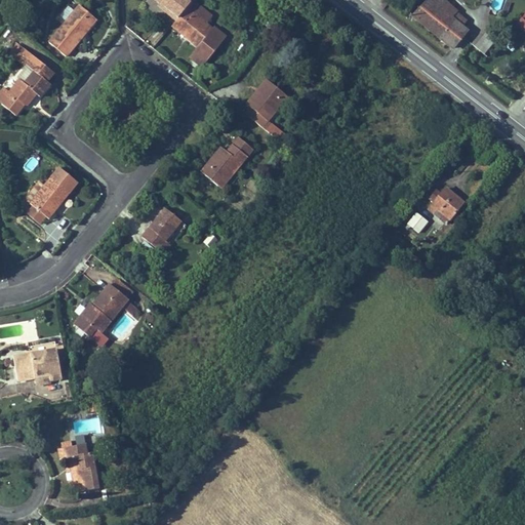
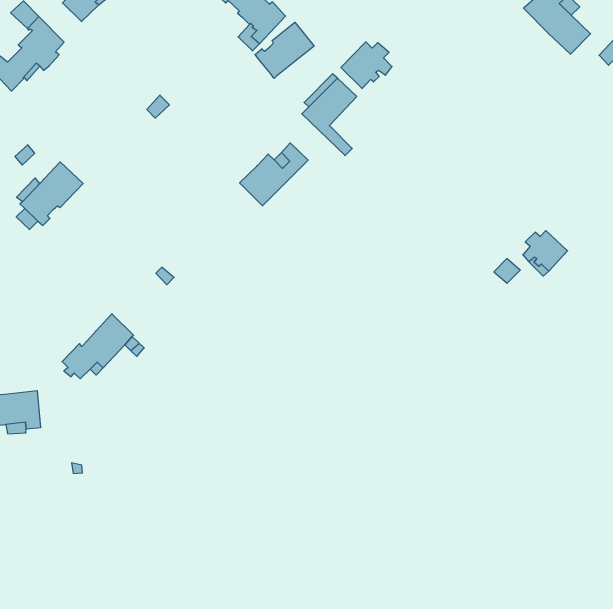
building: none -> [255,22,314,78]
building: none -> [341,42,392,89]
building: [142,206,181,252] -> none
building: [62,439,99,491] -> none

